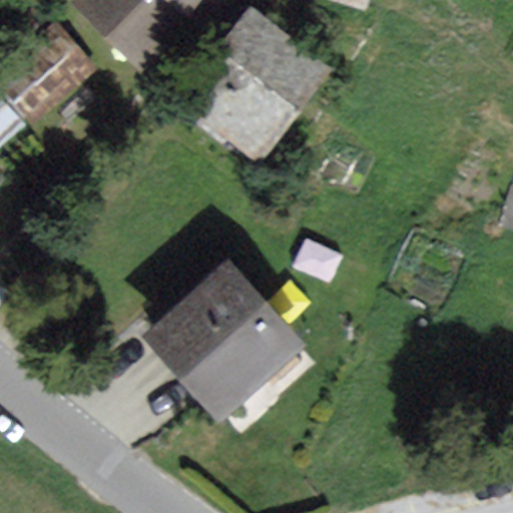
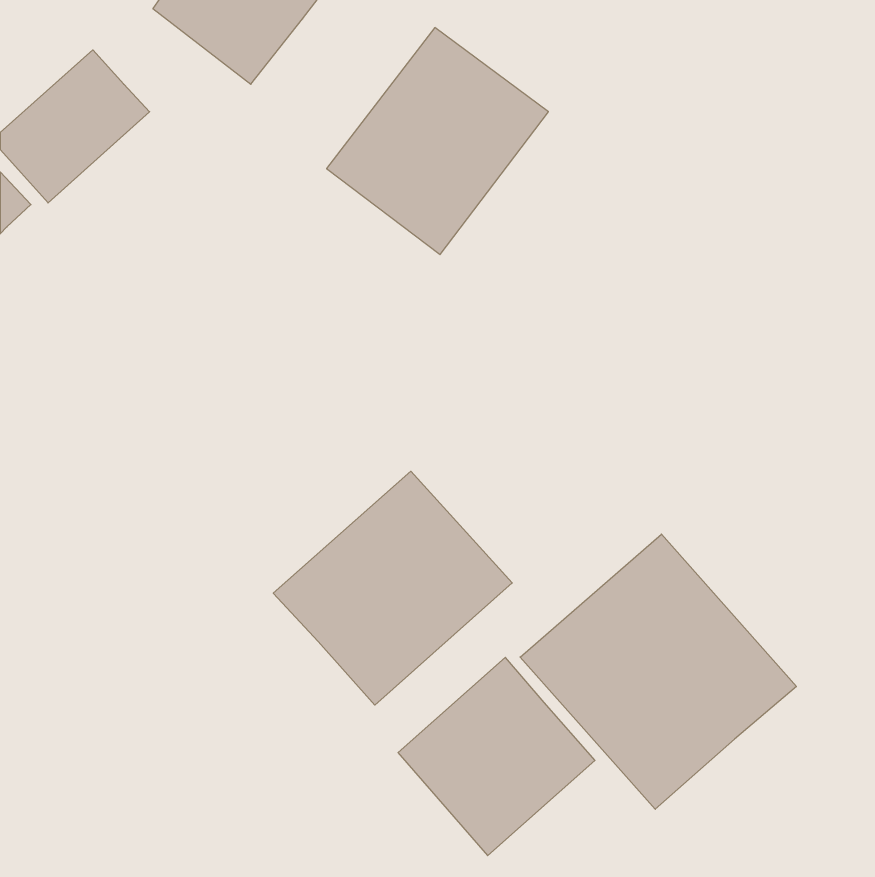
building: none -> [520,534,796,809]
building: none -> [398,657,595,856]

